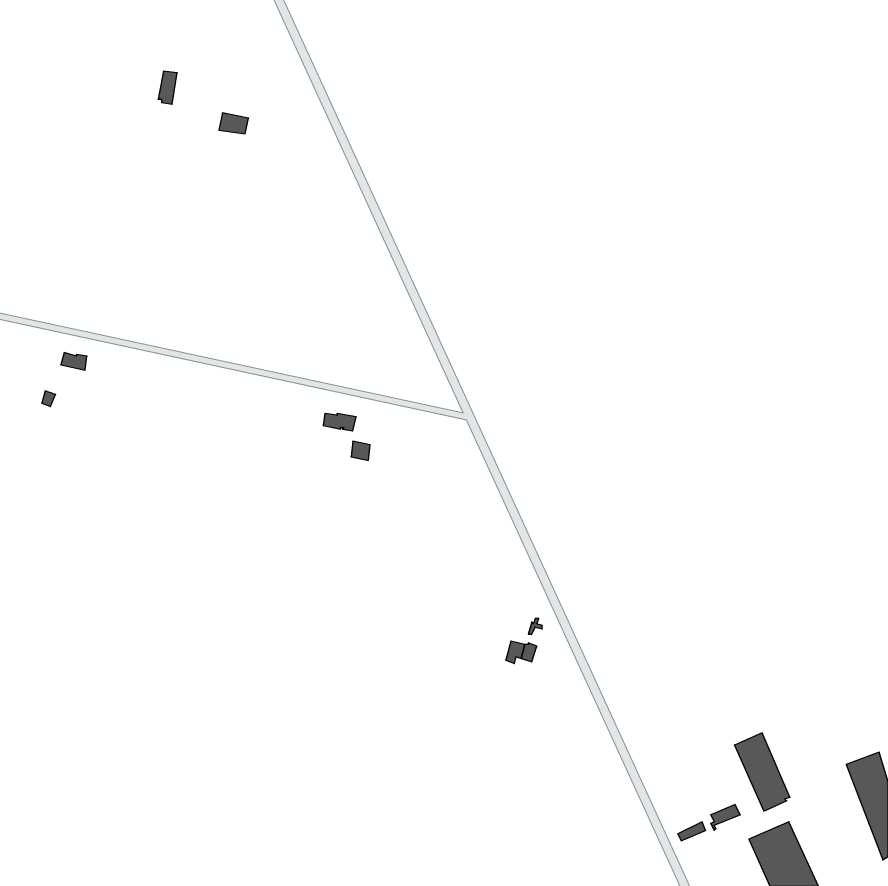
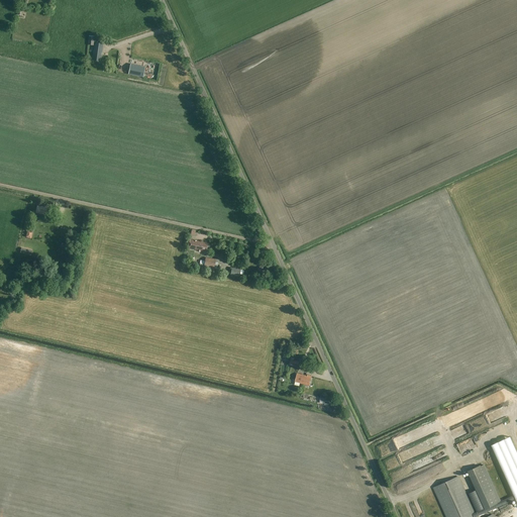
building: [734,733,790,811] -> [468,463,500,509]

